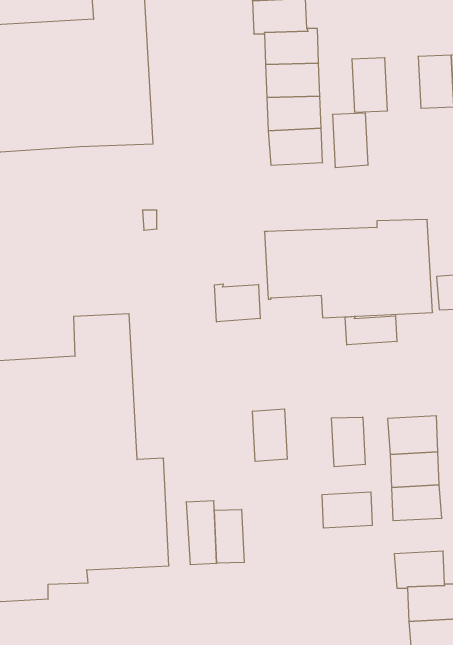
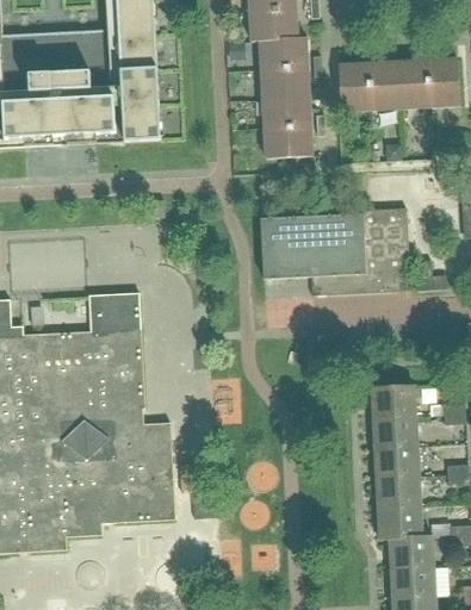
building: [332,113,368,168] -> [368,61,401,110]
building: [214,284,260,322] -> none
building: [345,316,397,345] -> none
building: [253,409,287,461] -> none
building: [331,417,365,467] -> none
building: [322,492,372,528] -> [376,475,421,508]
building: [214,509,244,563] -> none

